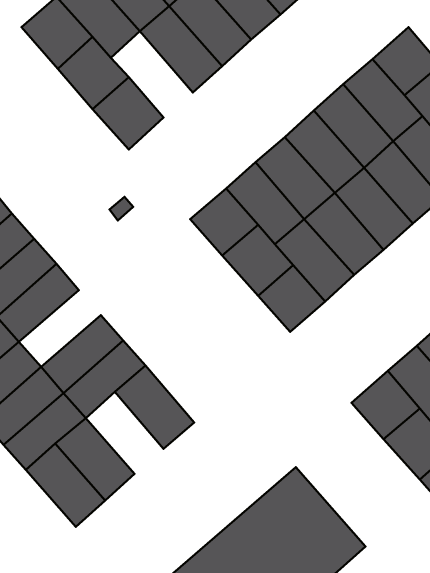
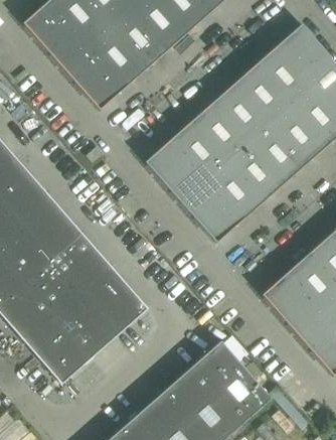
building: none -> [88,25,147,88]
building: none -> [21,212,80,268]
building: none -> [69,286,126,345]

